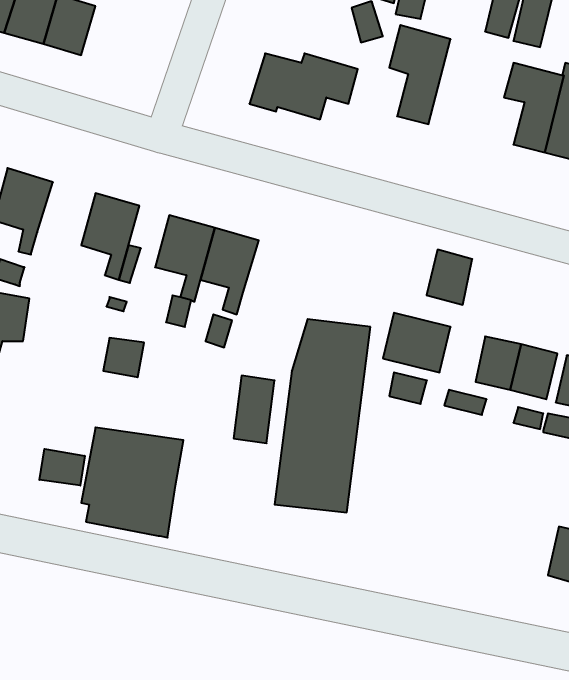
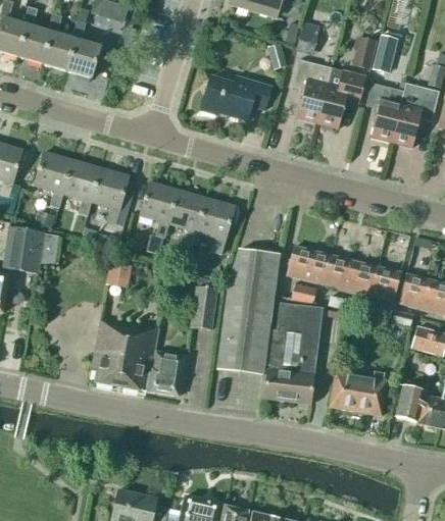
building: none -> [317,67,365,128]
building: none -> [63,160,101,215]
building: none -> [197,198,236,254]
building: [427,250,472,305] -> [325,254,354,290]
building: none -> [263,303,322,403]
building: [39,449,85,486] -> none
building: none -> [148,351,186,396]
building: none -> [329,371,387,415]

